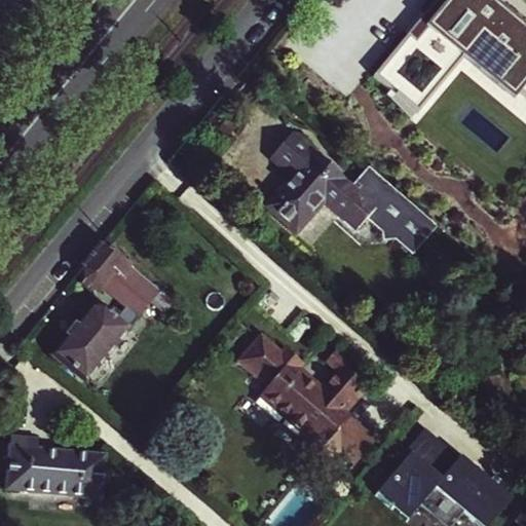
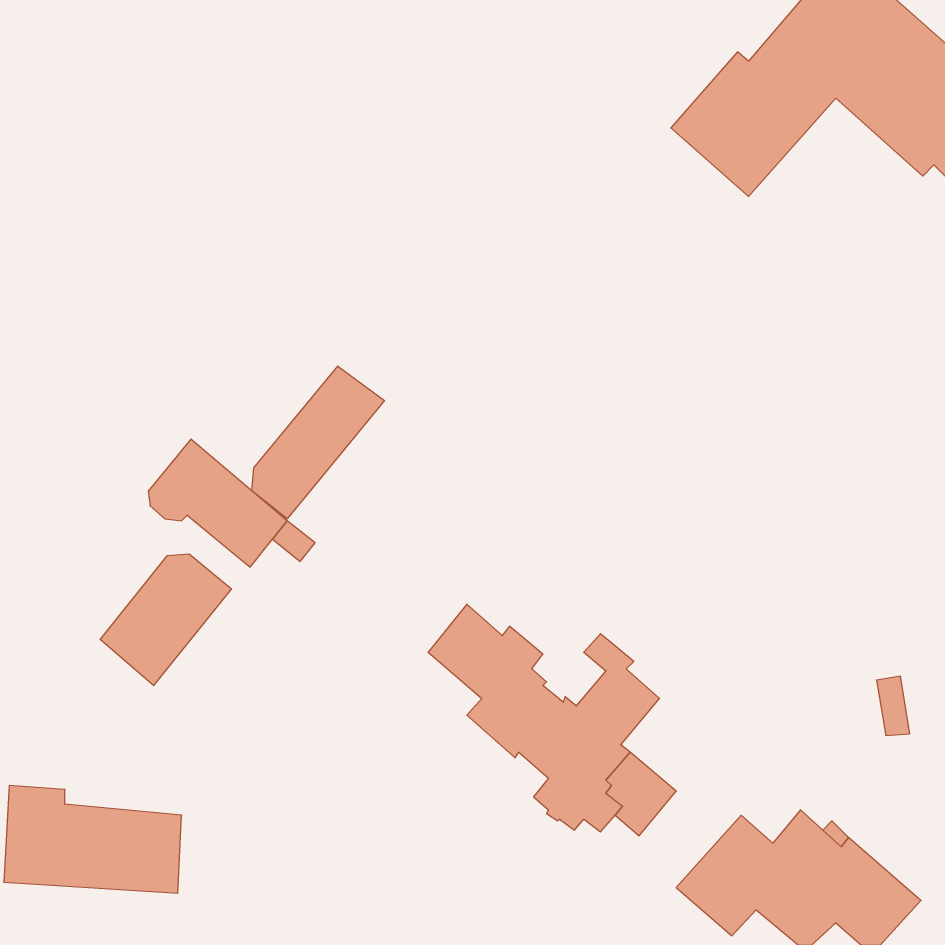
building: [271,136,437,255] -> none
building: none -> [252,366,384,519]
building: [408,427,448,467] -> none

